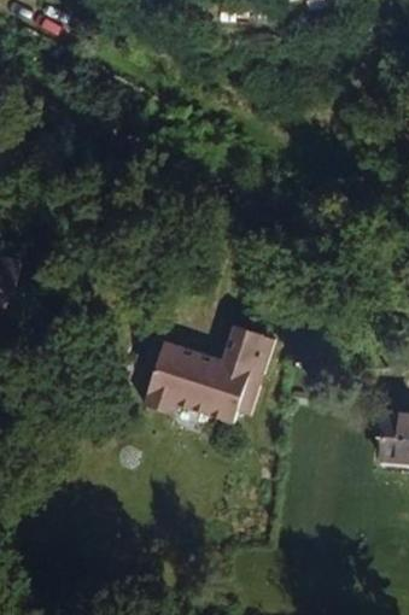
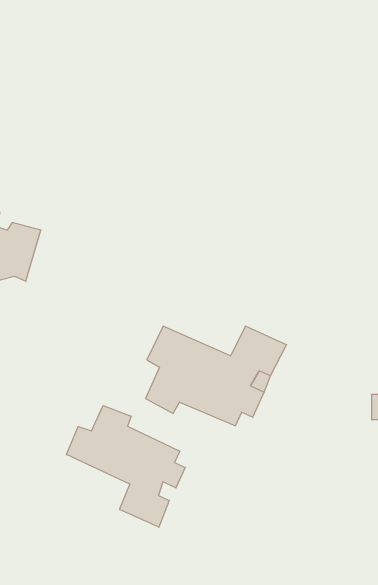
building: none -> [66,406,185,527]

